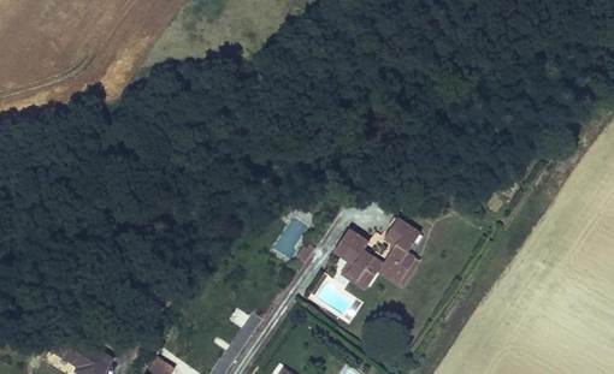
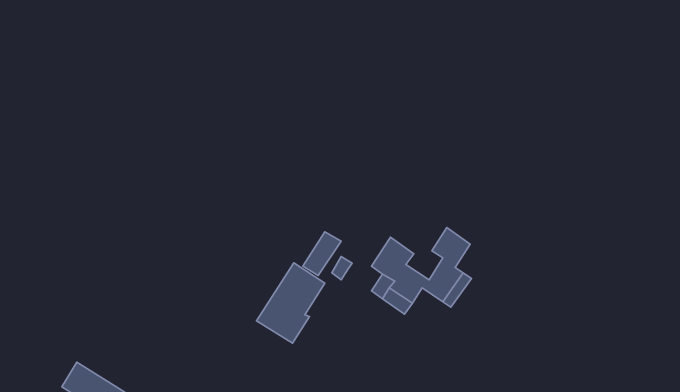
building: none -> [257,263,325,343]

